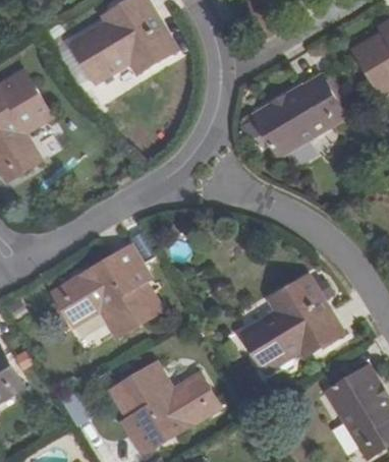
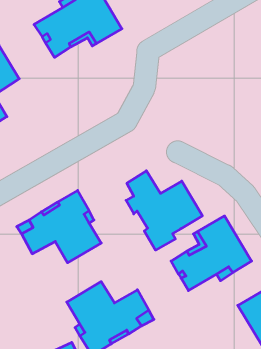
building: [253,73,344,156] -> none
building: none -> [126,171,202,250]

